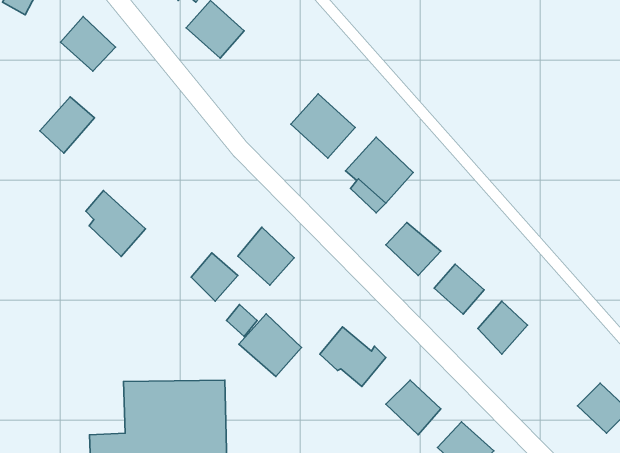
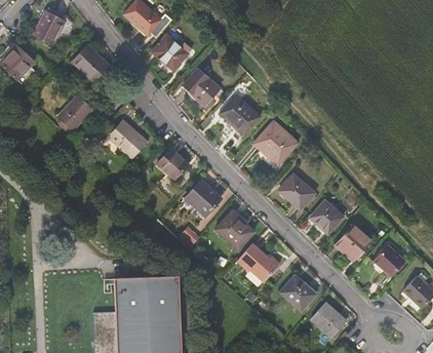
building: none -> [183,69,220,106]
building: [86,190,145,256] -> [109,119,147,161]
building: [191,253,238,301] -> [158,149,188,180]
building: [239,314,302,376] -> [212,211,252,251]
building: none -> [372,246,403,277]

